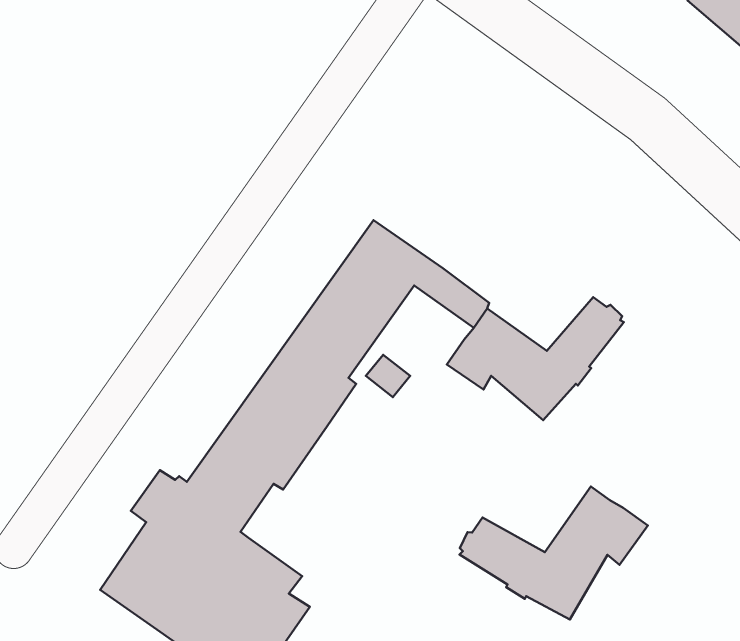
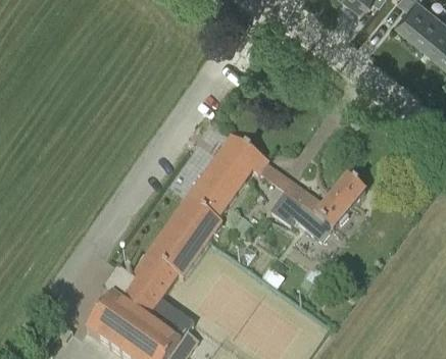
building: [460,487,648,619] -> none

